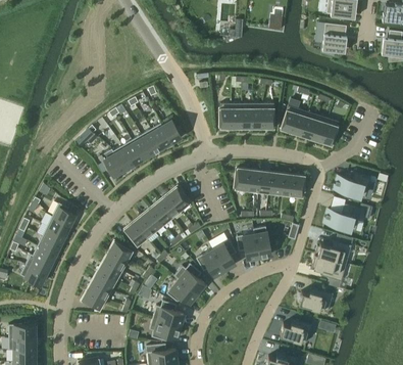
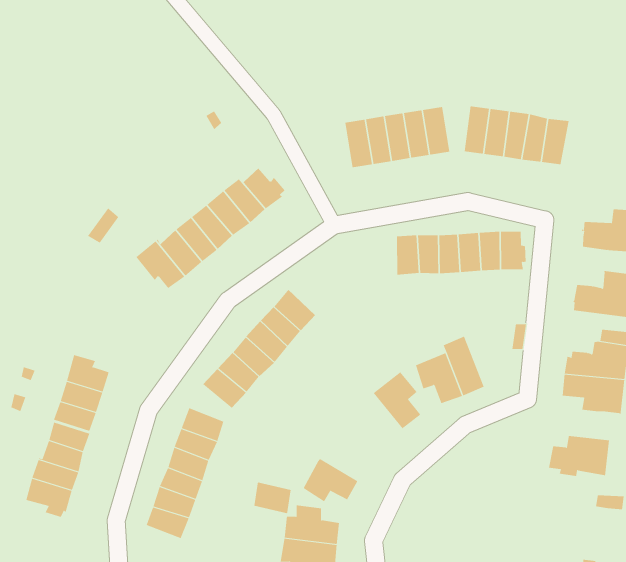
building: [197,249,224,277] -> none
building: [174,265,205,294] -> none
building: [280,320,312,344] -> none

